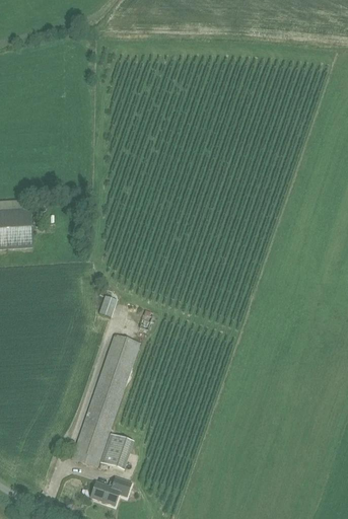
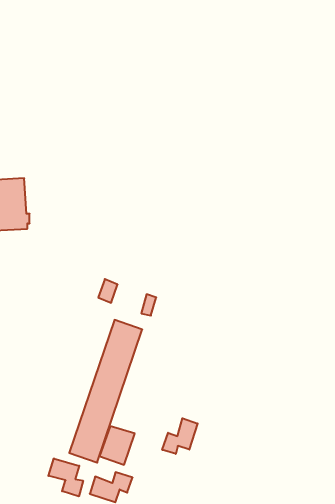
building: none -> [162,418,198,454]
building: none -> [48,458,83,496]

